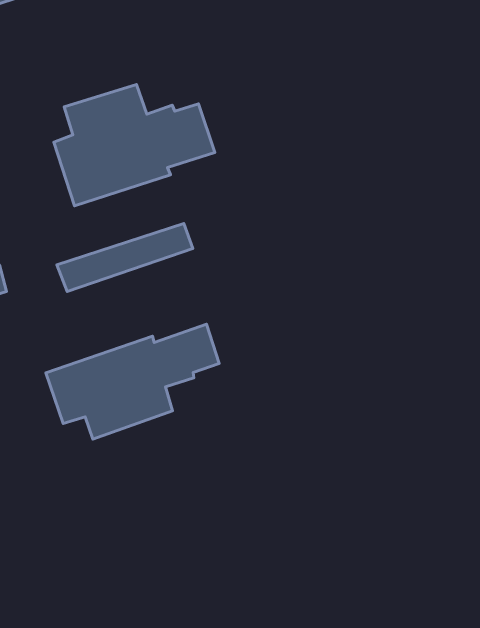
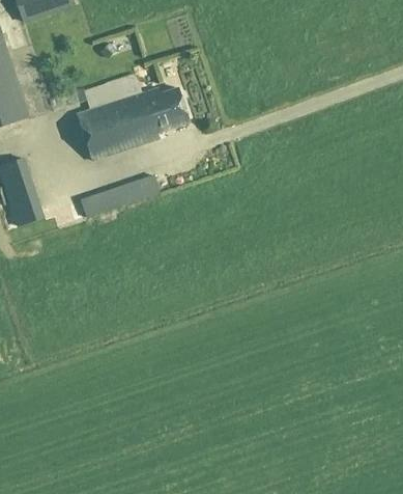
building: [46,324,219,439] -> none

